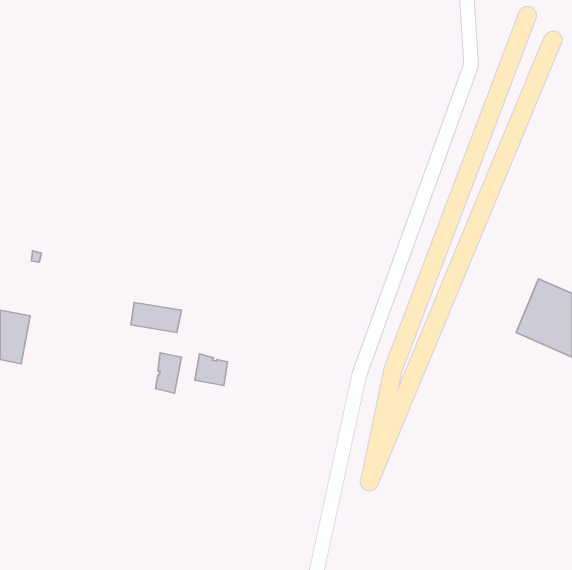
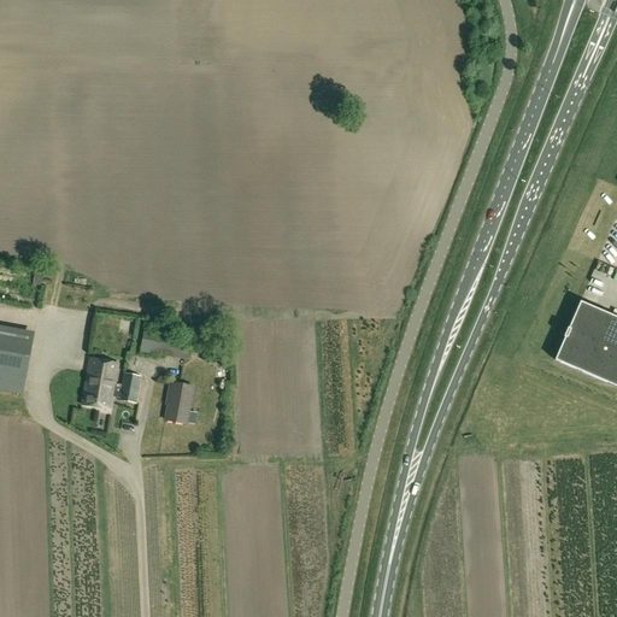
building: none -> [82,355,141,407]
building: [195,354,227,386] -> none

